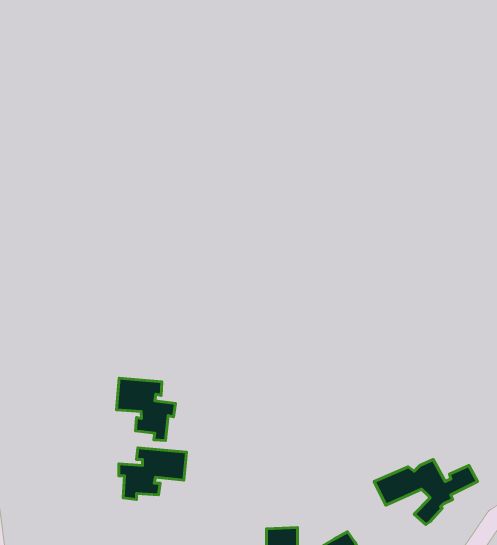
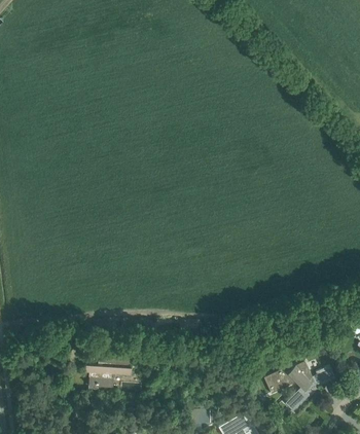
building: [116,378,176,441] -> none

